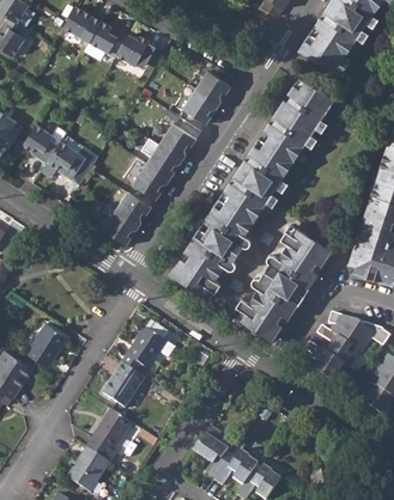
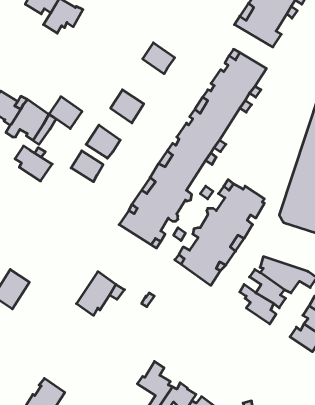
building: [116,33,156,67] -> none
building: [182,89,219,124] -> none
building: [146,144,183,179] -> [49,97,82,129]
building: [98,206,140,245] -> [15,146,52,181]
building: [101,362,144,407] -> none
building: [85,409,129,462] -> none

